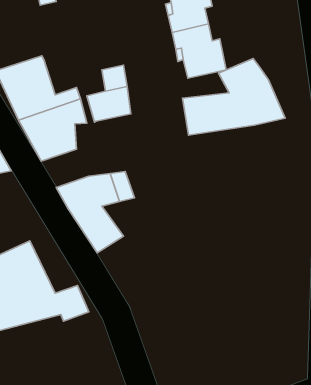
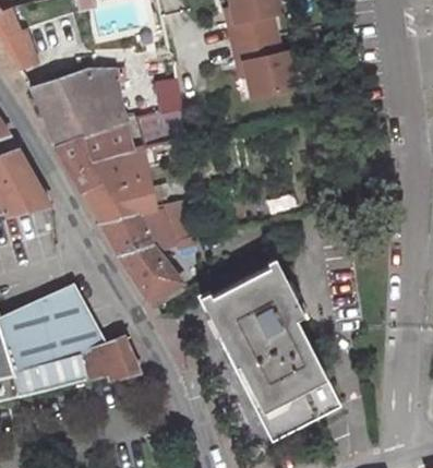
building: none -> [86,71,124,116]
building: [183,58,285,135] -> none
building: none -> [83,146,154,224]
building: none -> [206,267,336,436]

